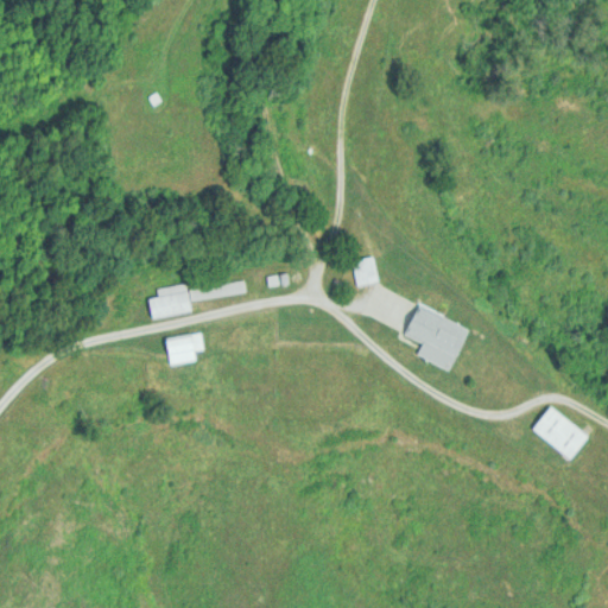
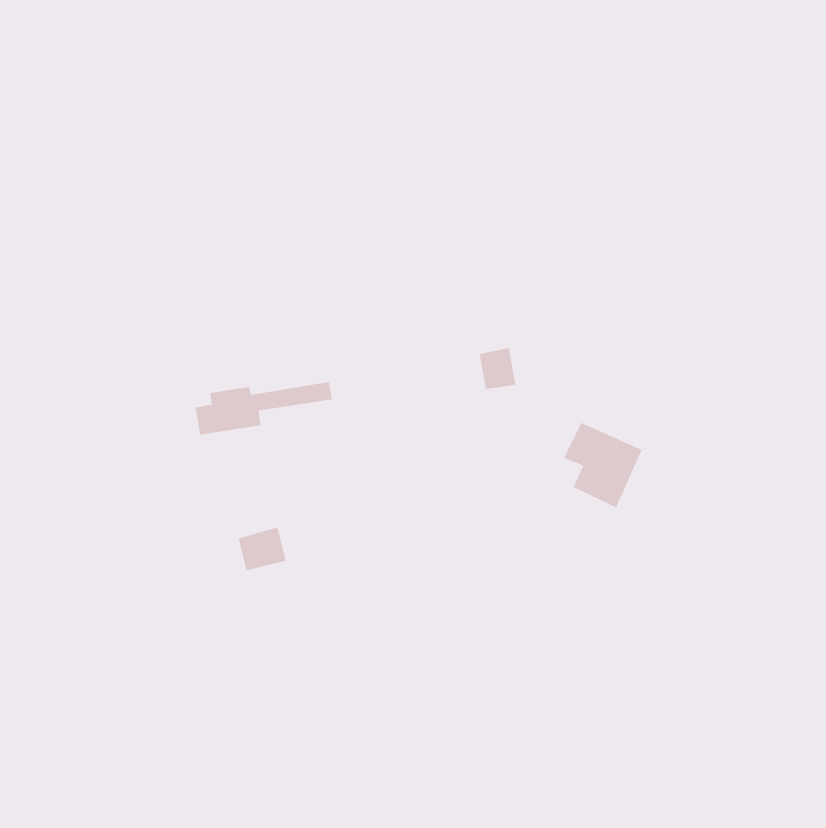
building: [164,332,200,365] -> [238,527,286,571]
building: [532,405,588,462] -> none

